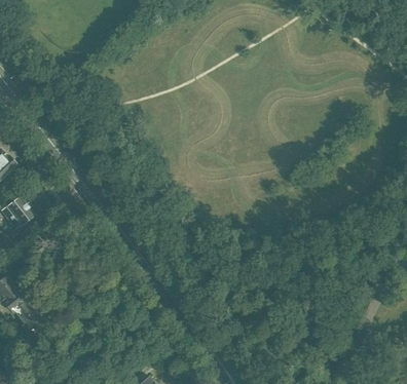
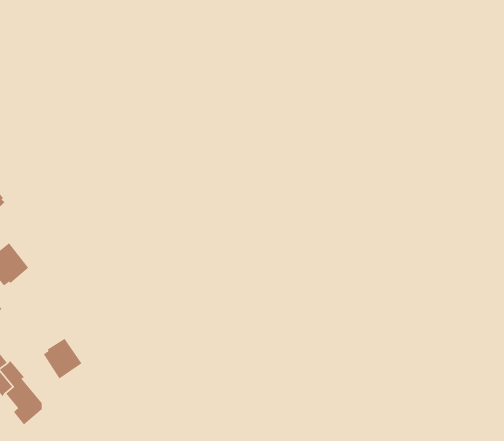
building: none -> [43,338,82,380]

